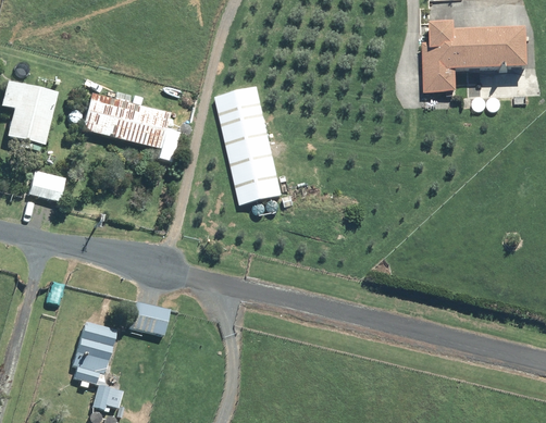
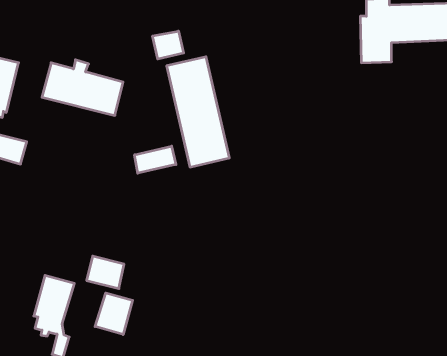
building: none -> [153,31,184,59]
building: none -> [135,146,176,173]
building: none -> [95,293,133,335]

